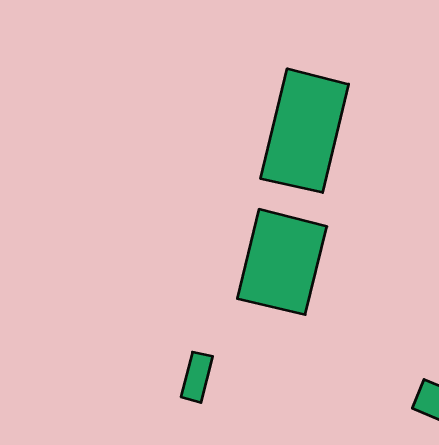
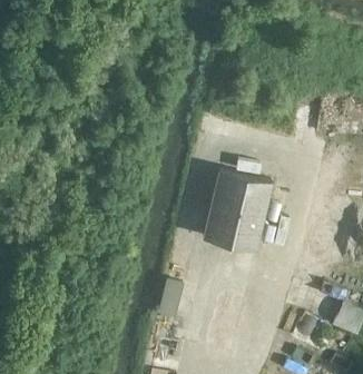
building: [261,69,349,193] -> none

